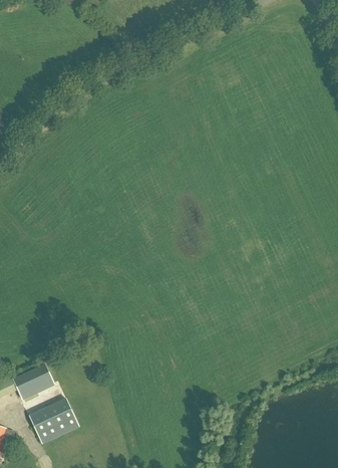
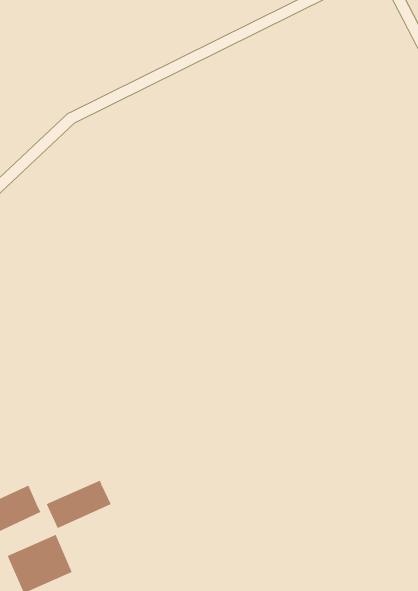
building: none -> [46,480,111,529]

